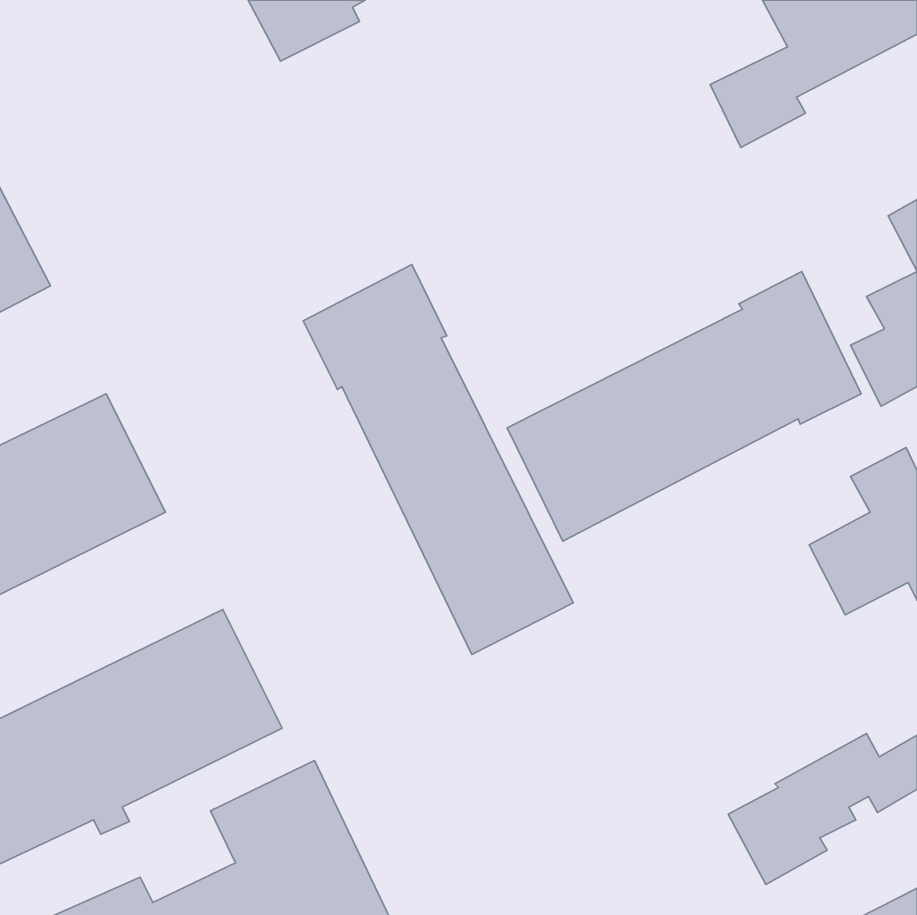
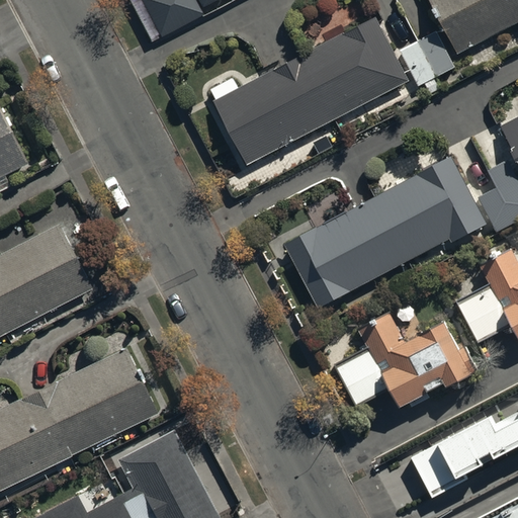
building: none -> [213,17,408,164]
building: [303,264,573,655] -> none
building: none -> [336,319,470,411]

